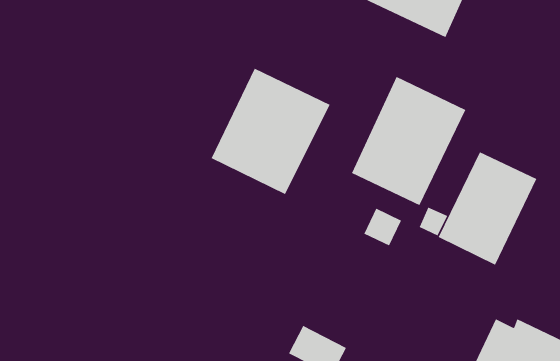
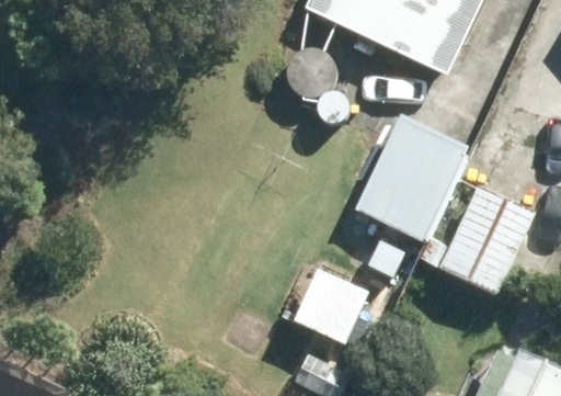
building: [211,68,330,195] -> none

